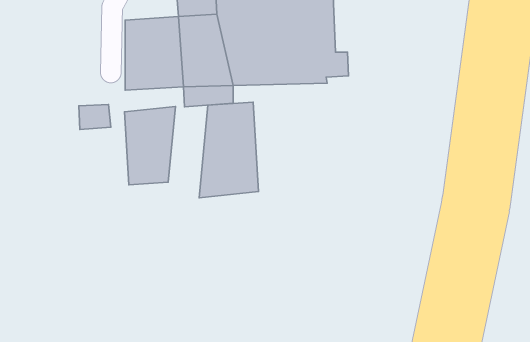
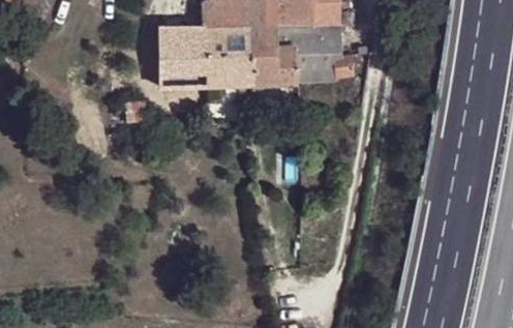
building: [199,102,258,198] -> none
building: [125,106,176,185] -> none

